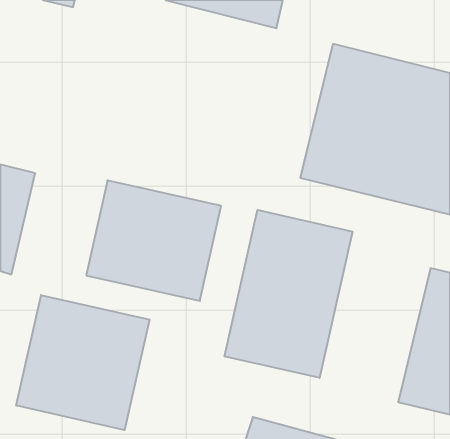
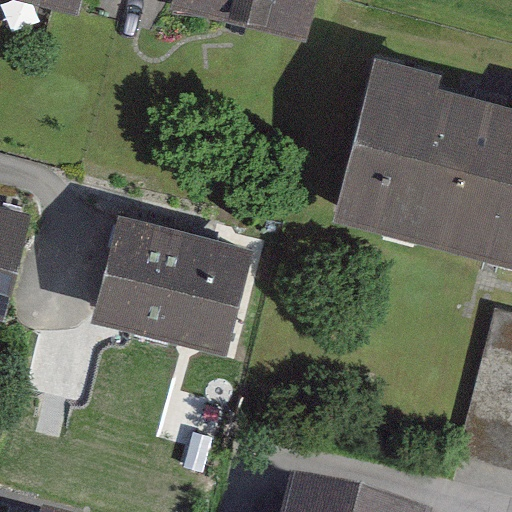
building: [225,210,353,378] -> none
building: [16,295,149,430] -> none

